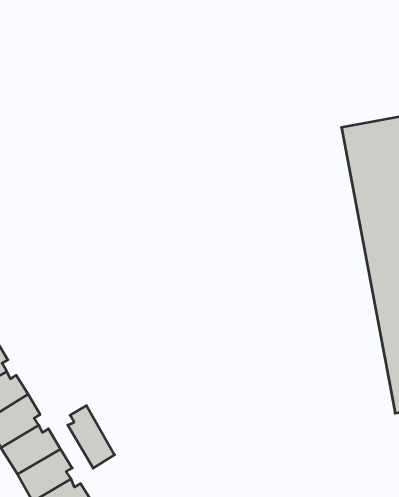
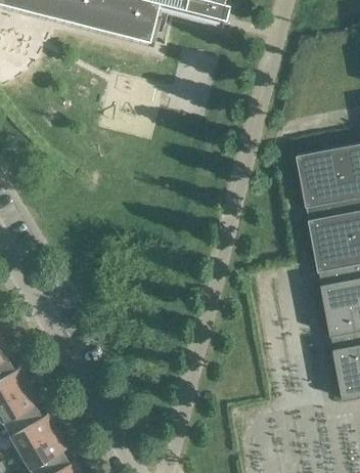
building: [68,406,115,468] -> none

